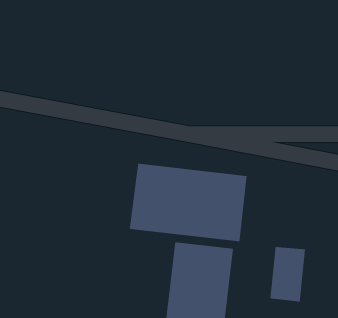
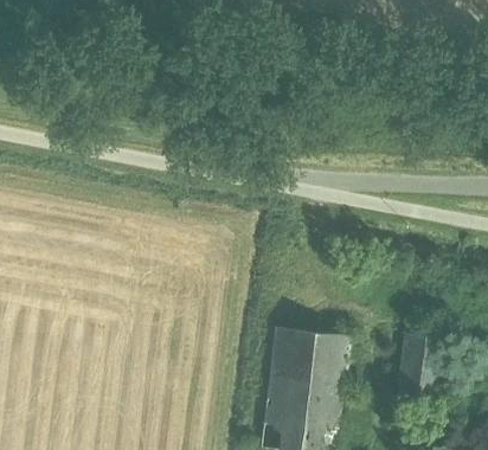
building: [129,163,247,242] -> none

